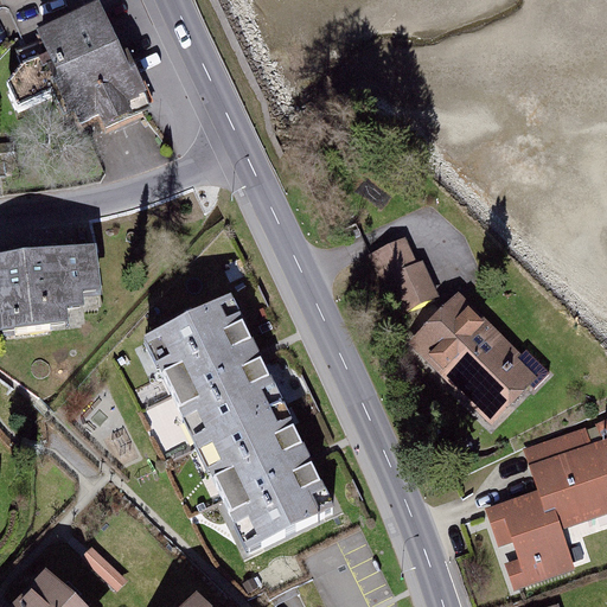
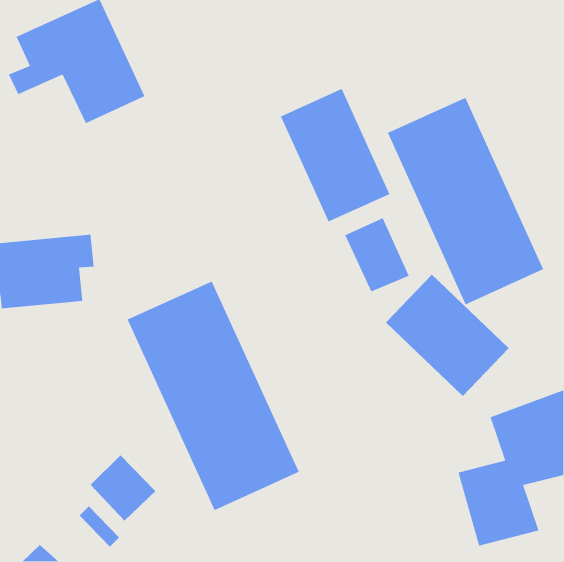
building: none -> [280,88,391,223]
building: none -> [387,97,544,305]
building: none -> [90,454,156,521]

